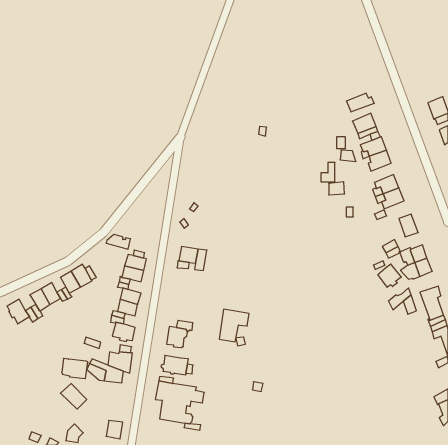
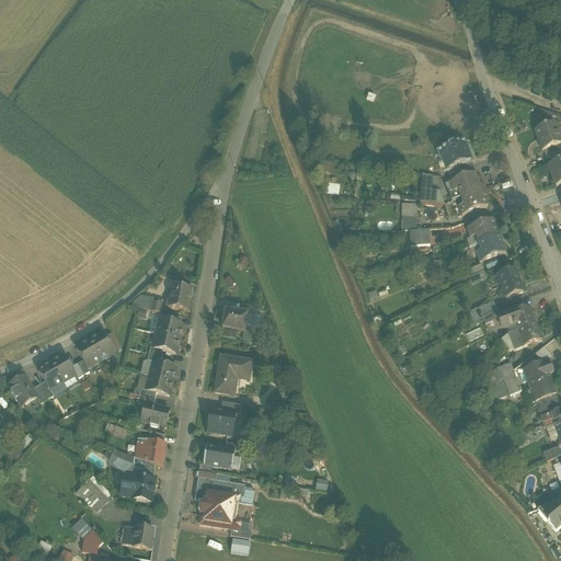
building: [346,93,374,112] -> none
building: none -> [169,283,192,309]
building: [378,264,401,287] -> none
building: [219,309,249,342] -> [214,354,251,394]
building: [62,358,88,379] -> [122,474,154,500]

